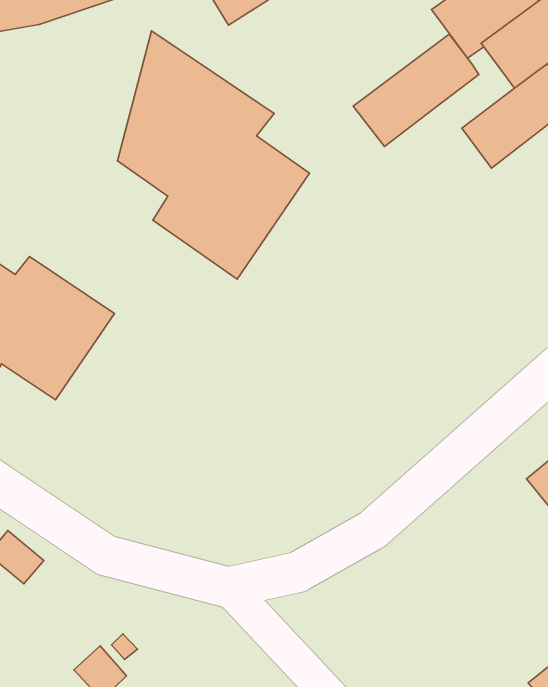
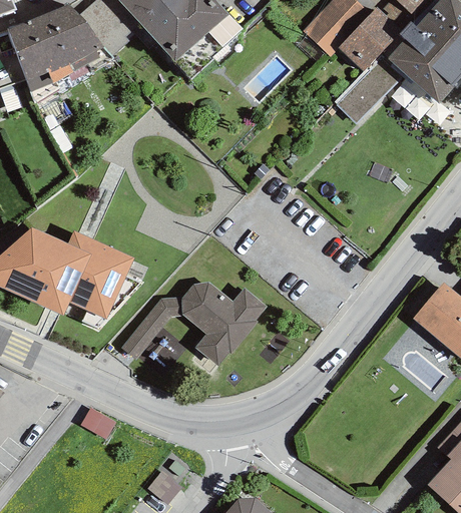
building: [117,31,310,279] -> none
building: [353,34,479,146] -> none
building: none -> [121,282,266,367]

